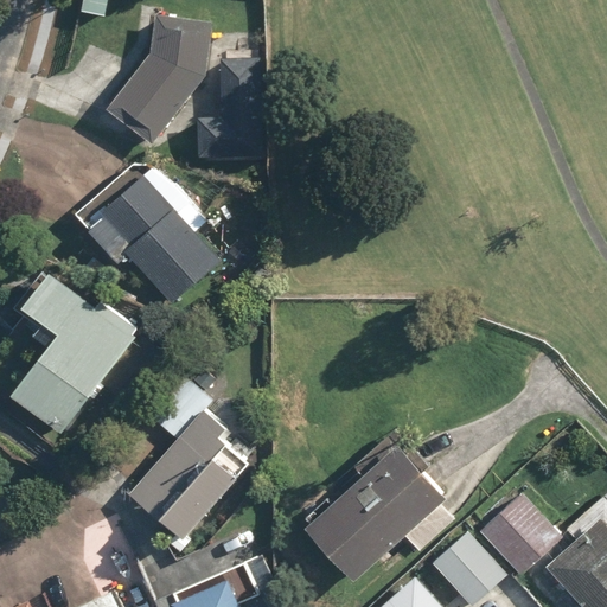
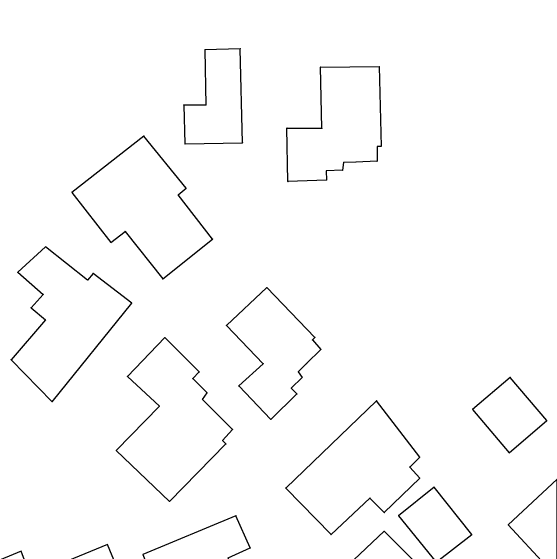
building: [103,14,209,143] -> none
building: none -> [287,67,381,182]
building: none -> [226,288,321,419]
building: [480,494,560,575] -> [473,377,547,453]

